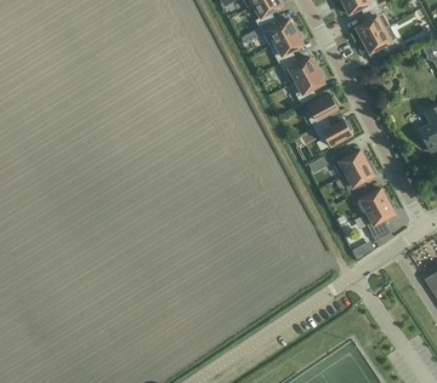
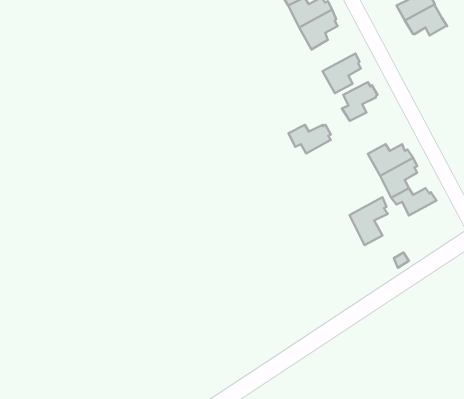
building: [280,57,319,85] -> none
building: [314,121,352,147] -> [288,125,331,154]
building: [362,199,396,241] -> [349,197,388,245]

